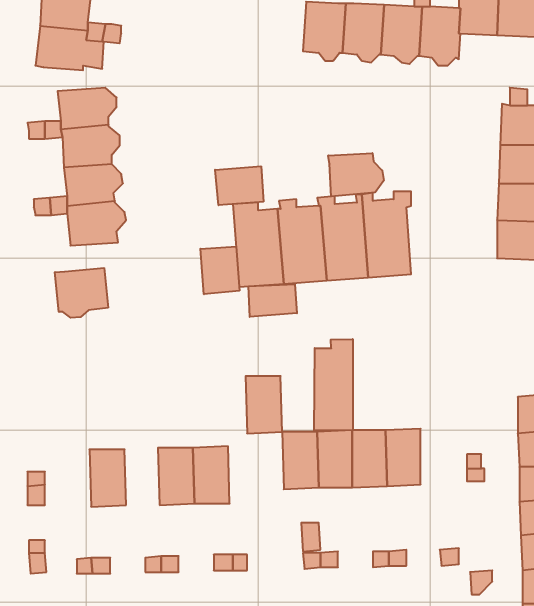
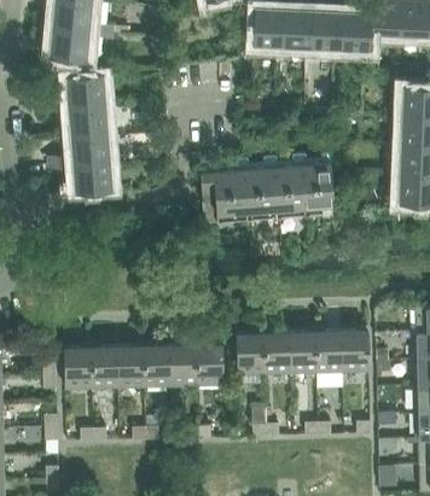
building: [328,153,384,196] -> none
building: [215,166,263,205] -> none
building: [200,247,239,294] -> none
building: [55,268,108,318] -> none
building: [249,284,297,317] -> none
building: [314,339,353,431] -> none
building: [246,376,282,433] -> [194,344,222,387]
building: none -> [341,329,368,373]
building: none -> [116,345,143,389]
building: none -> [63,346,91,390]

